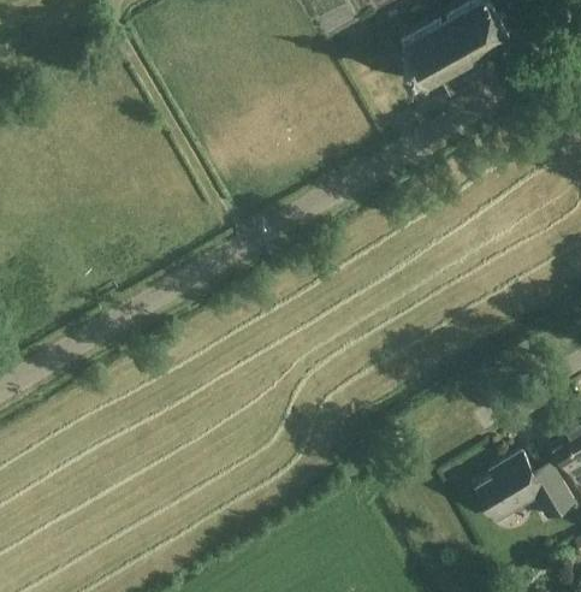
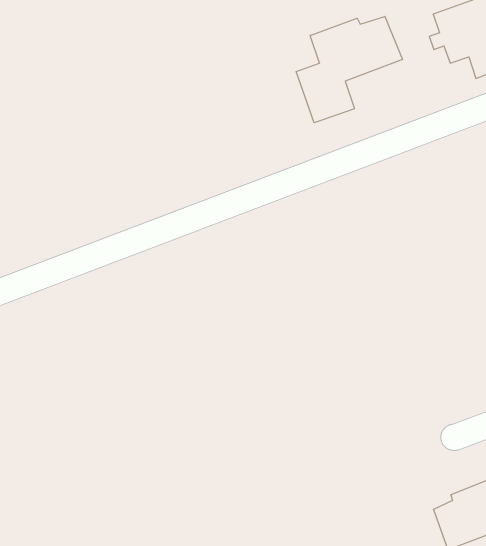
building: none -> [296,16,402,123]

